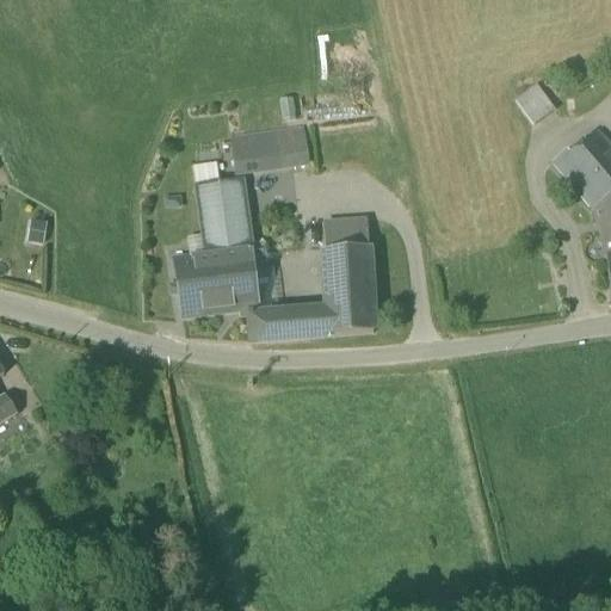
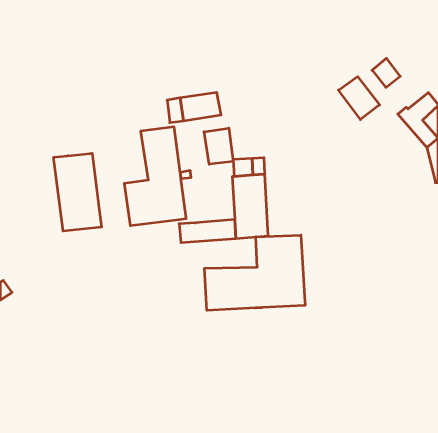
building: none -> [338,77,380,120]
building: none -> [204,128,233,164]
building: none -> [54,153,102,231]
building: none -> [205,235,305,310]

